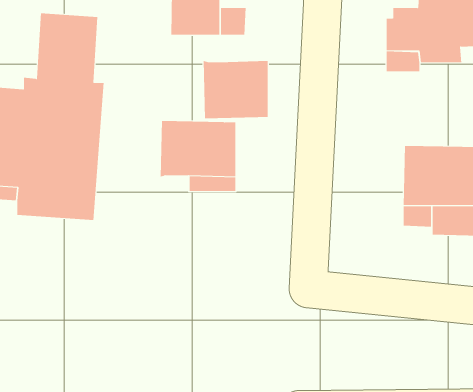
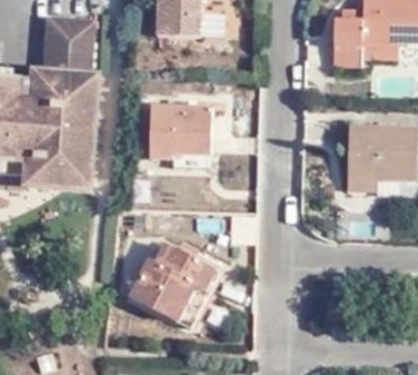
building: [203,60,268,119] -> none
building: none -> [129,241,217,323]

